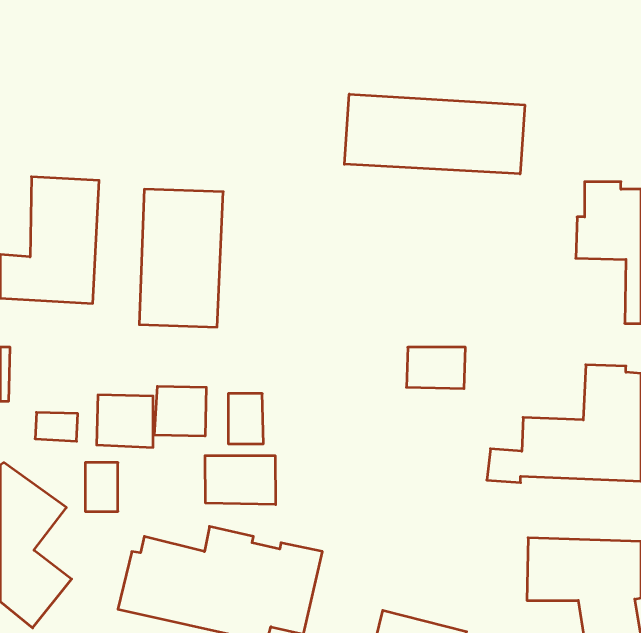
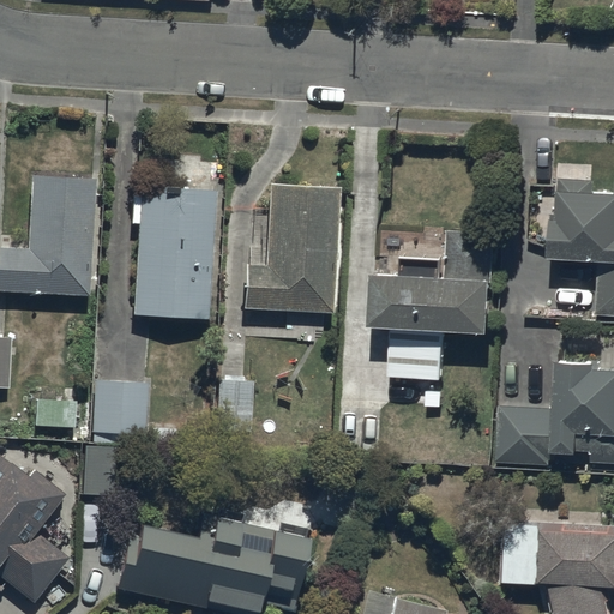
building: [344,94,525,174] -> none
building: none -> [242,185,336,314]
building: none -> [372,229,495,326]
building: [155,386,206,436] -> none
building: [205,456,276,505] -> none

